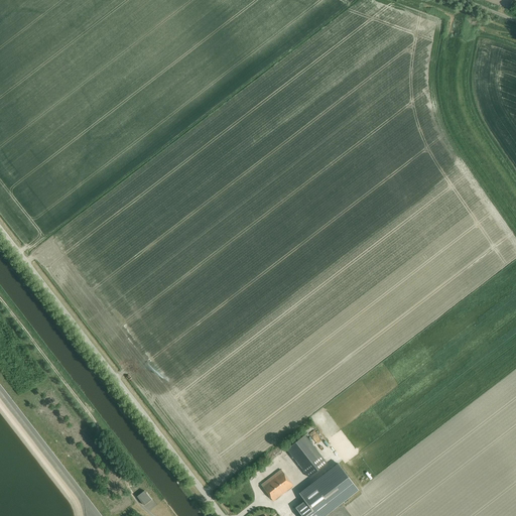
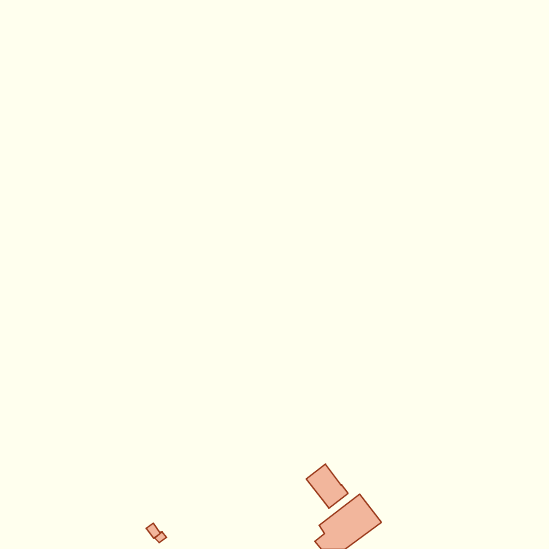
building: [261,470,293,501] -> none

